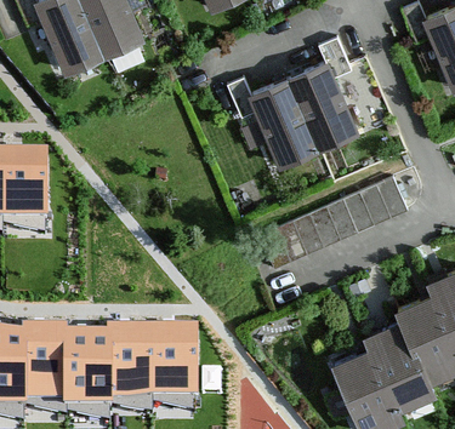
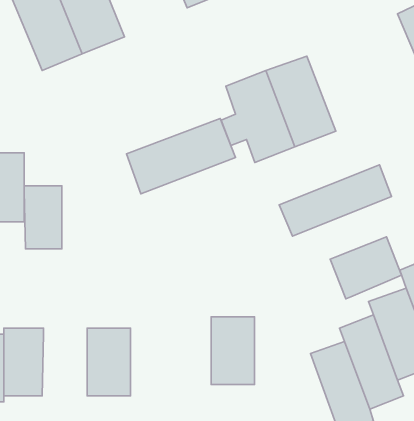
building: none -> [126,119,236,194]
building: none -> [24,186,62,249]
building: none -> [330,237,402,299]
building: [153,333,197,401] -> [211,317,255,385]
building: [64,339,109,407] -> none

